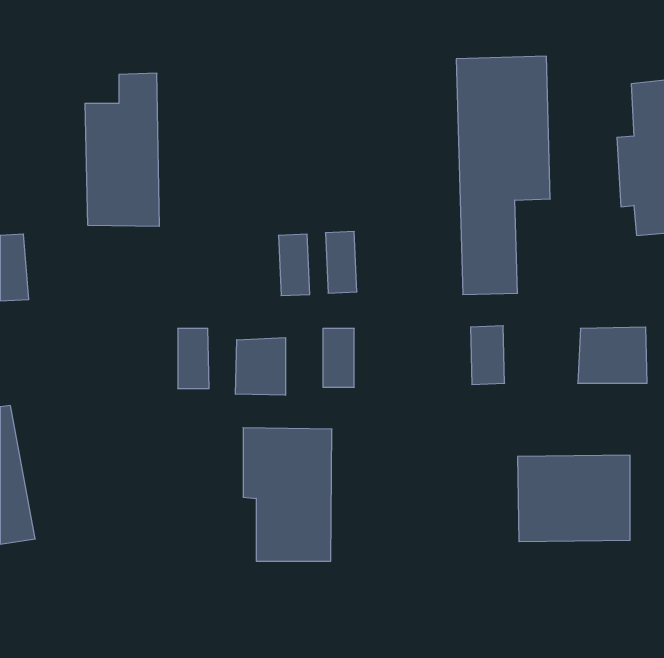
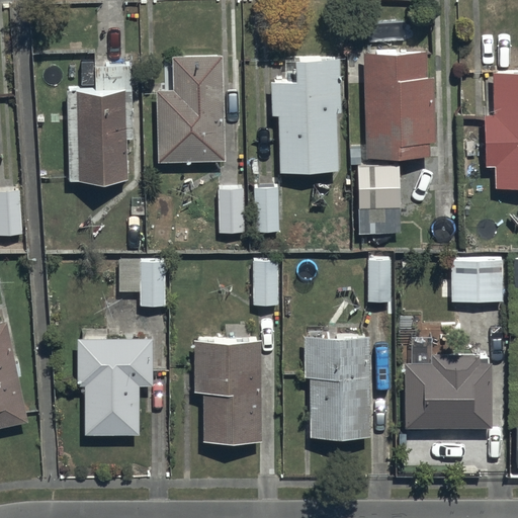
building: none -> [156,54,225,167]
building: none -> [272,58,339,174]
building: [236,338,285,395] -> none
building: none -> [307,337,367,438]
building: none -> [80,338,150,434]

